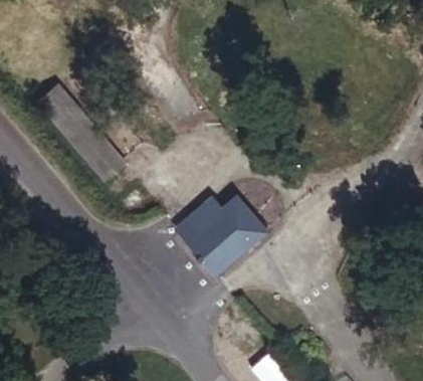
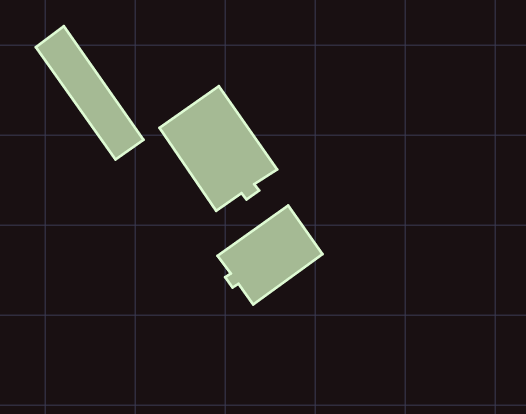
building: none -> [159,86,277,211]

